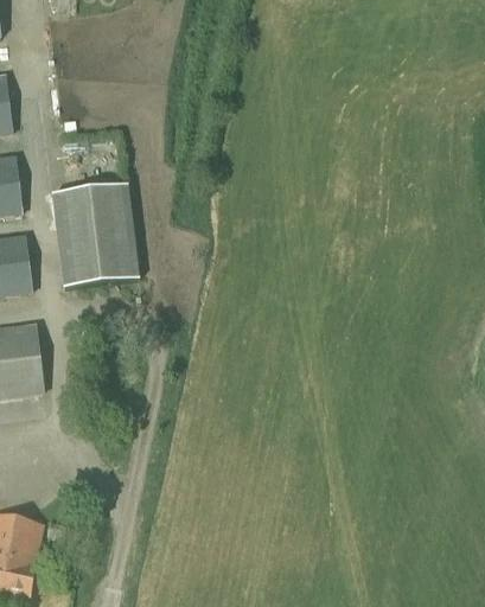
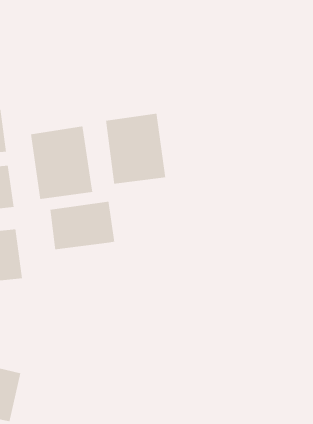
building: none -> [106,113,166,184]
building: none -> [50,201,115,250]

